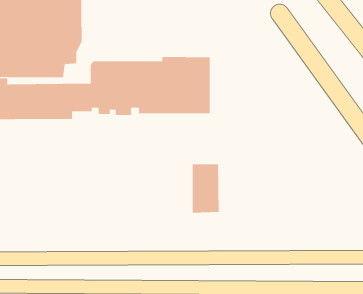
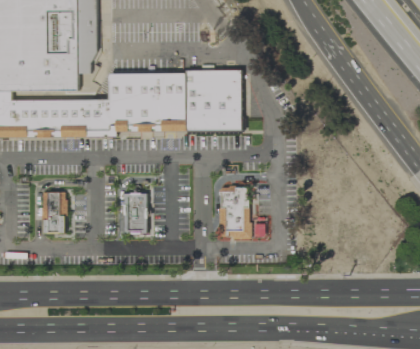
building: none -> [42,189,68,233]
building: none -> [122,190,149,235]

